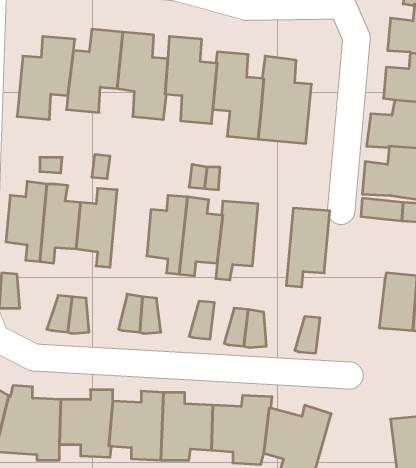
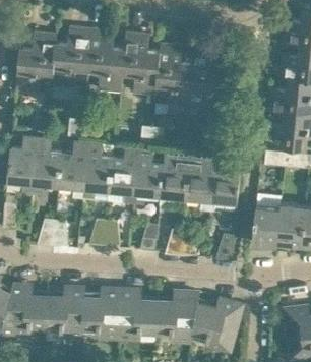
building: none -> [82,142,112,199]
building: none -> [185,153,214,212]
building: none -> [252,192,282,245]

